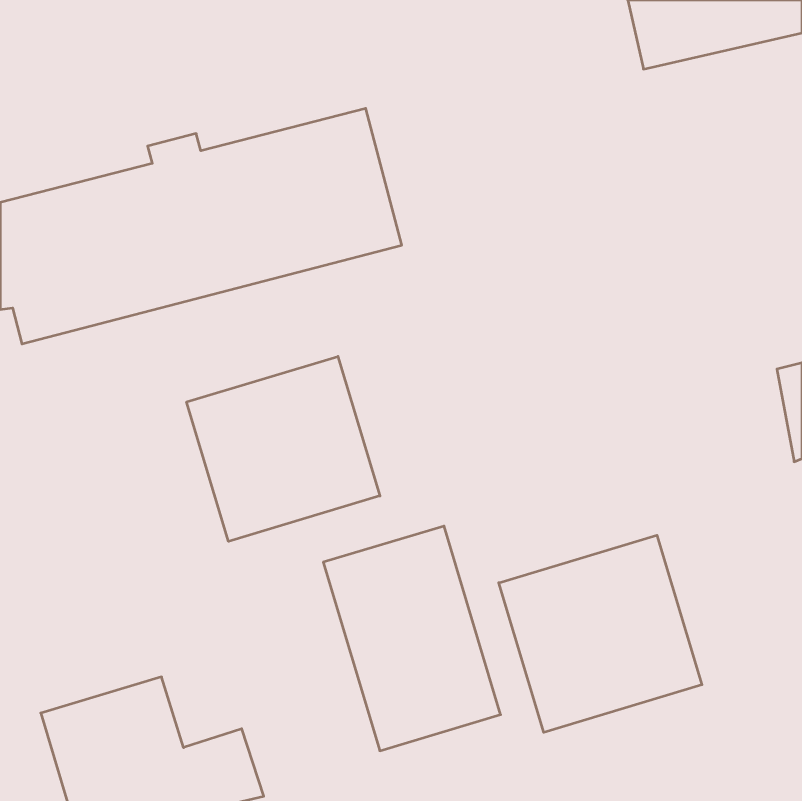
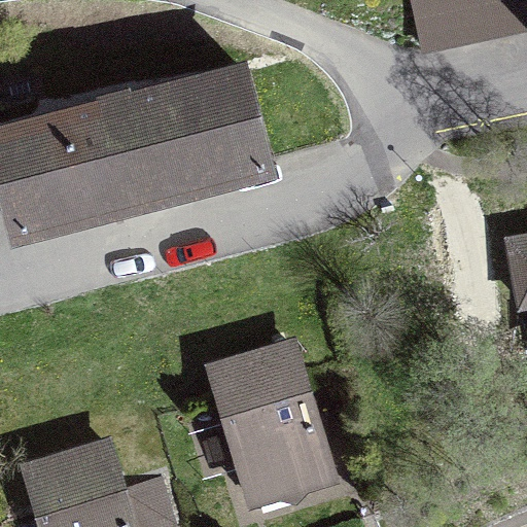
building: [187,356,380,541] -> none
building: [499,535,702,732] -> none

